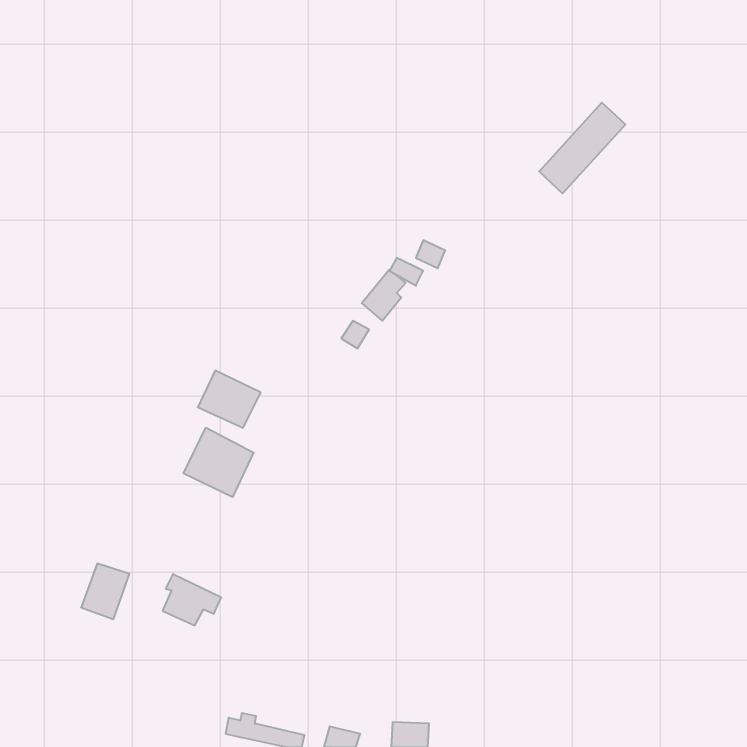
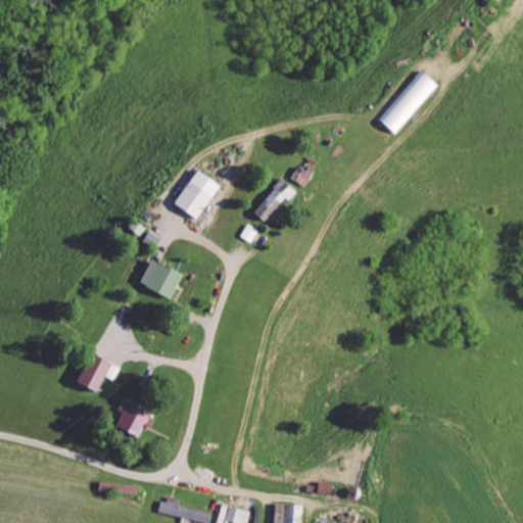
building: none -> [173,170,220,220]
building: [184,428,254,497] -> none
building: [81,563,129,619] -> [76,353,109,392]

